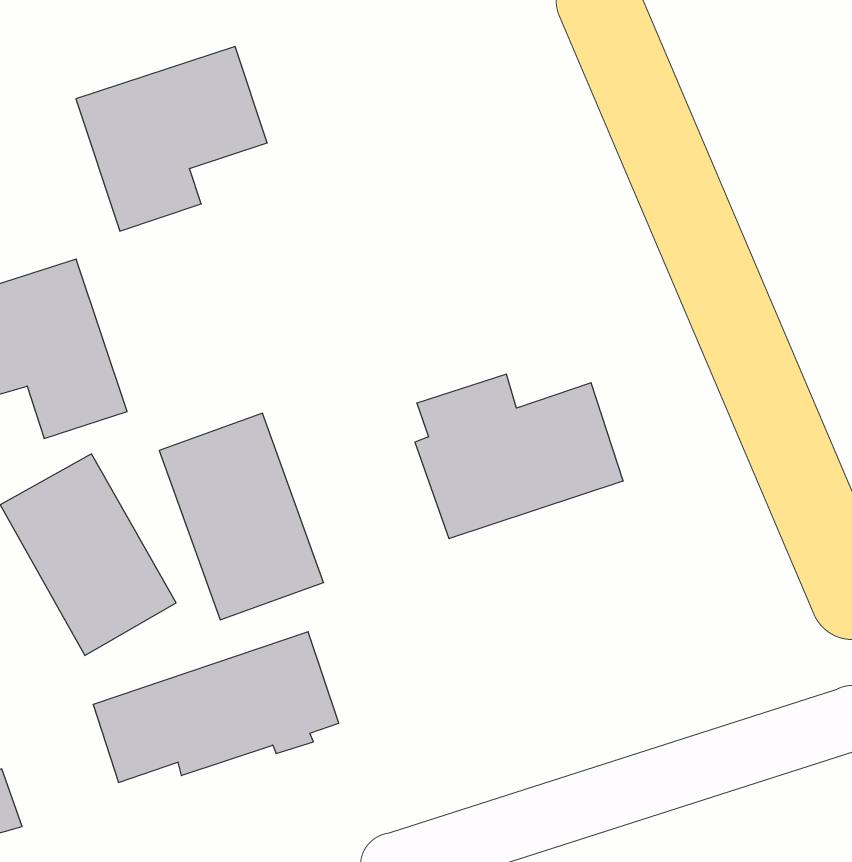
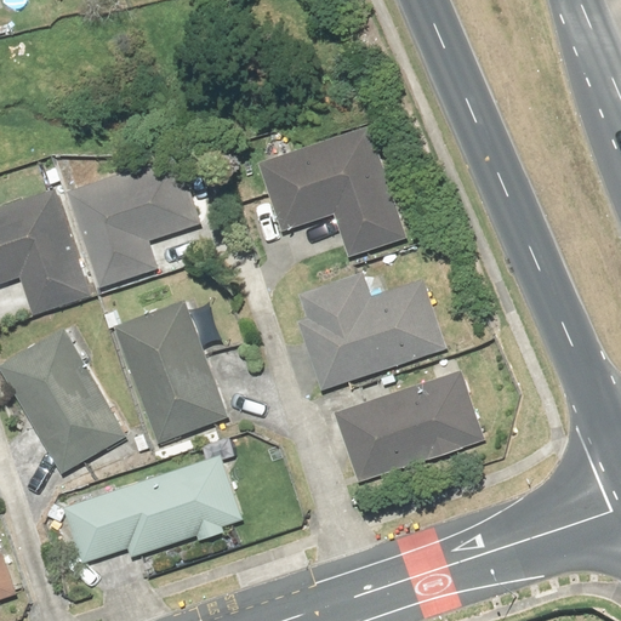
building: [76,46,267,231] -> [68,154,205,286]
building: none -> [255,124,405,256]
building: none -> [334,370,484,483]

